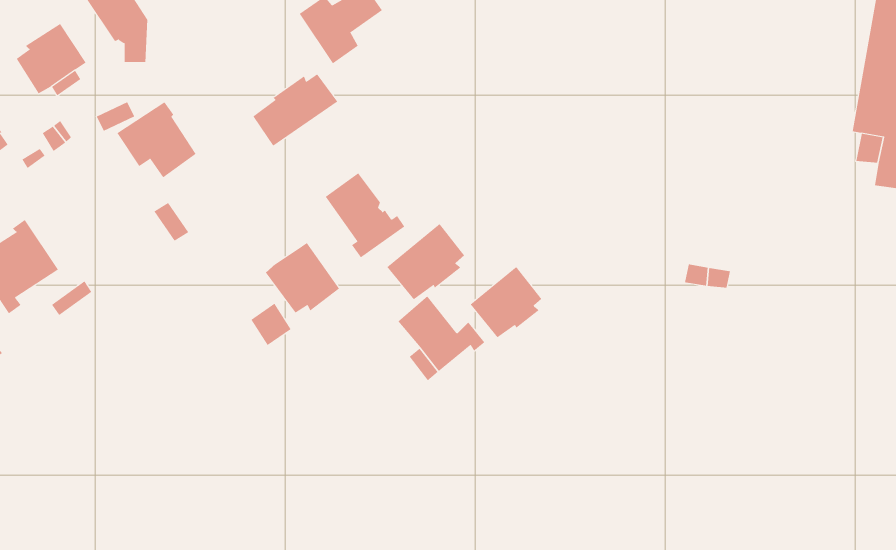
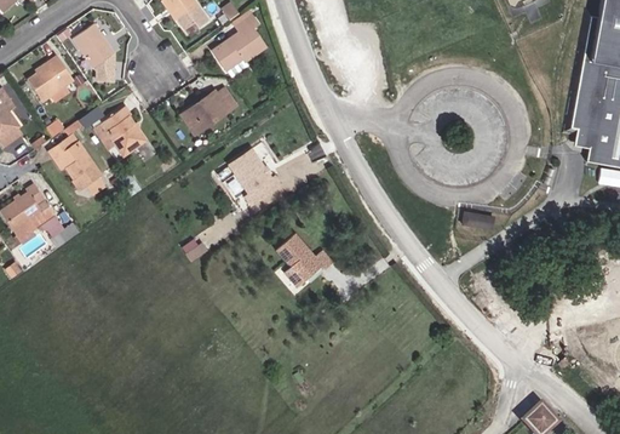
building: none -> [47,135,103,195]
building: [387,223,465,300] -> none
building: [265,242,340,314] -> none
building: [470,266,542,338] -> none

